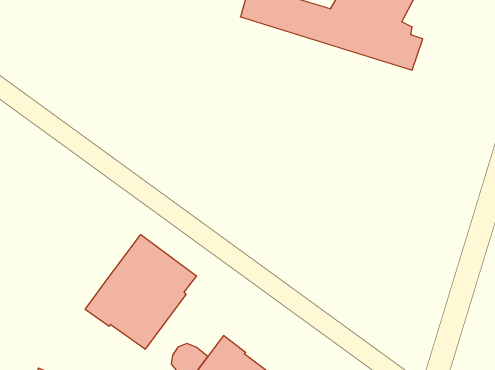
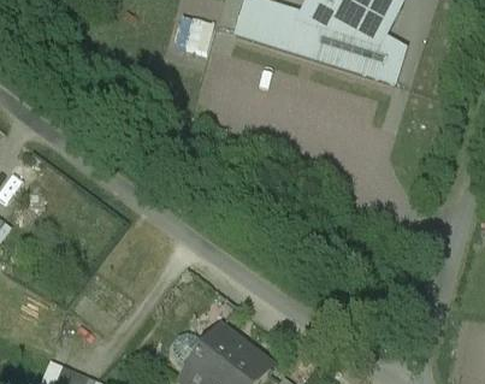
building: [85,235,196,349] -> none

